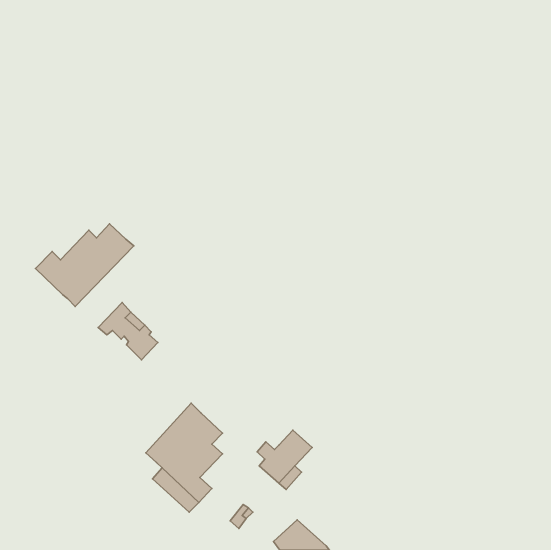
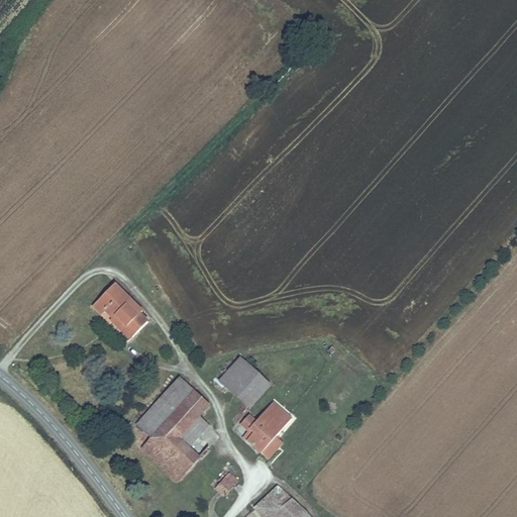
building: [35,224,134,306] -> none
building: none -> [219,356,270,406]

